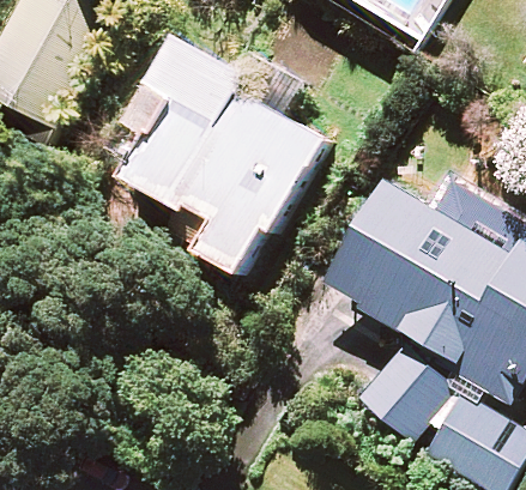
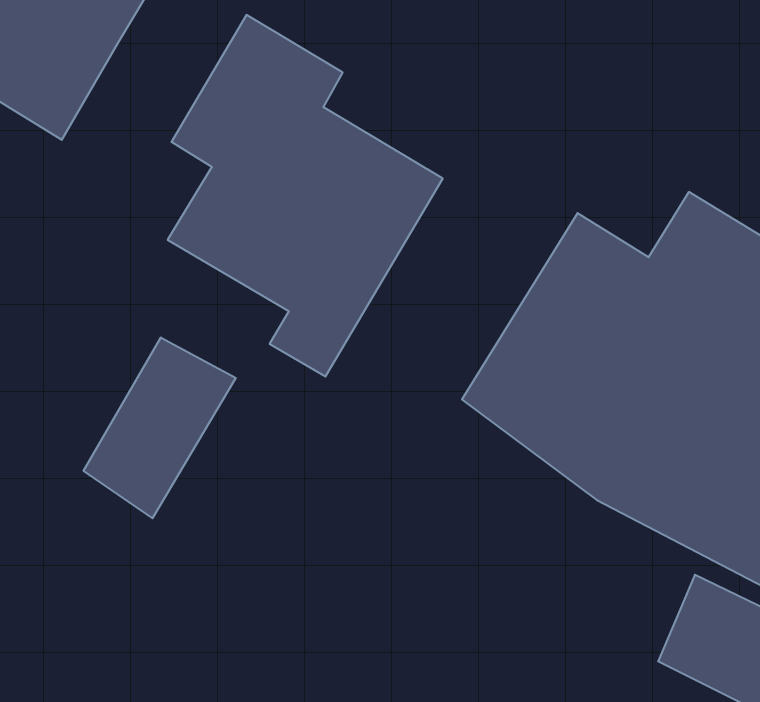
building: none -> [84,337,236,518]
building: [350,345,457,440] -> none

